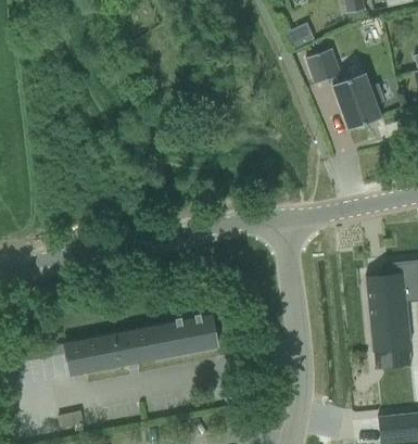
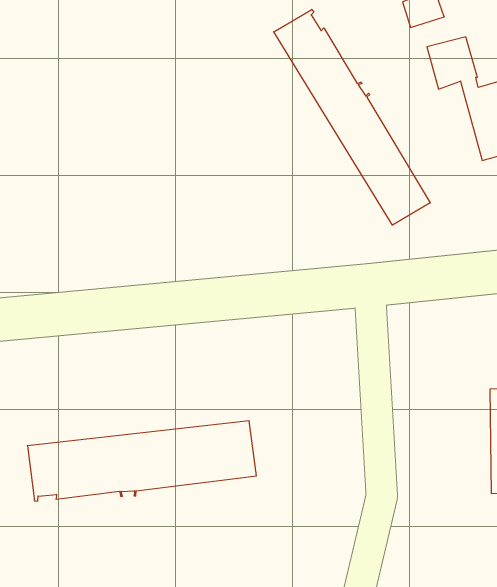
building: none -> [274,9,430,225]

